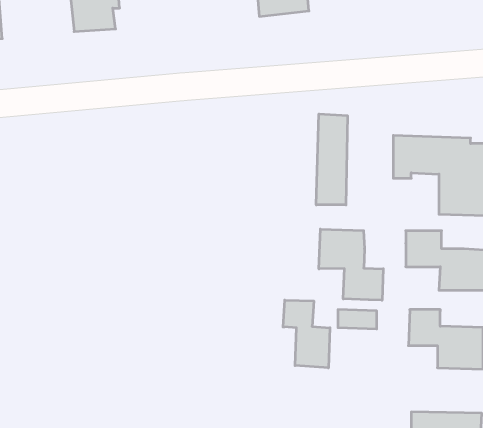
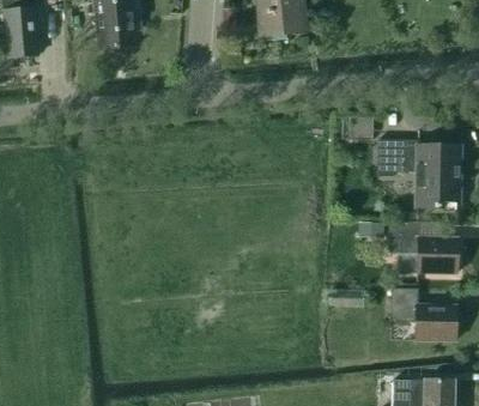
building: [316,114,347,205] -> none
building: [319,229,383,300] -> none
building: [283,300,330,368] -> none

